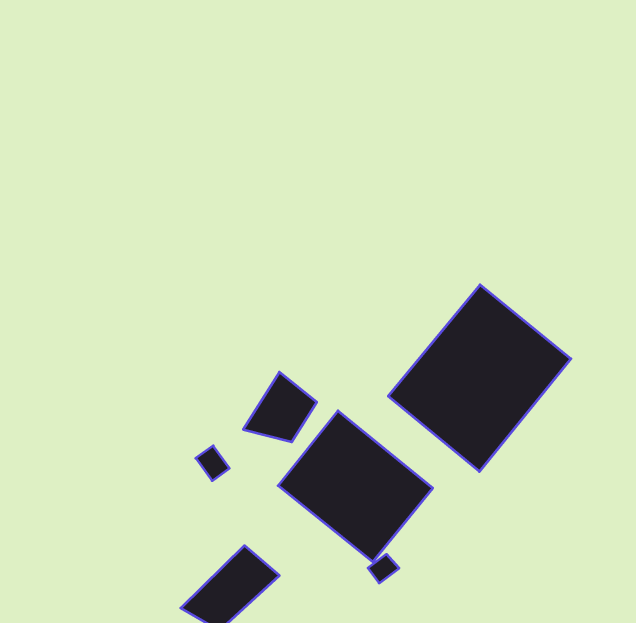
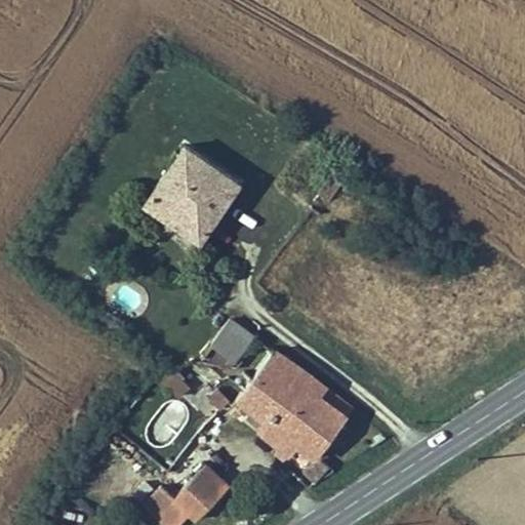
building: none -> [139,142,245,249]
building: [388,285,571,472] -> none

